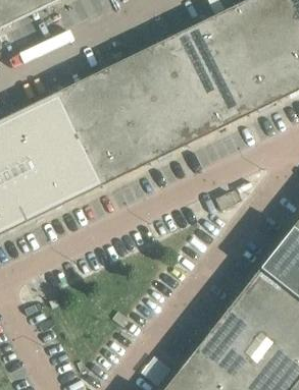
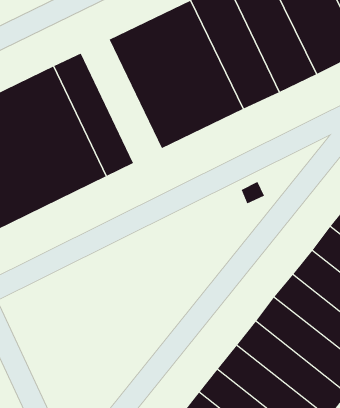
building: [79,71,147,176] -> none

